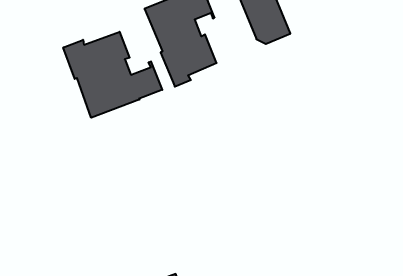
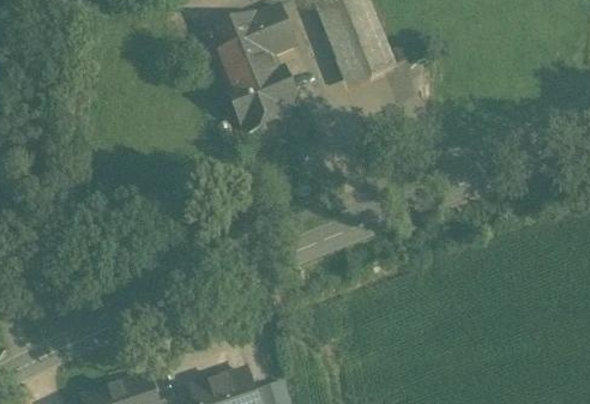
building: [63,32,162,118] -> none

